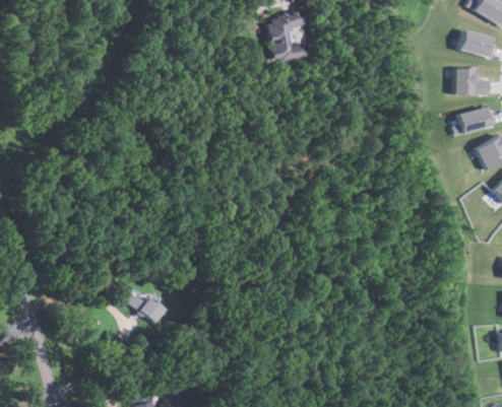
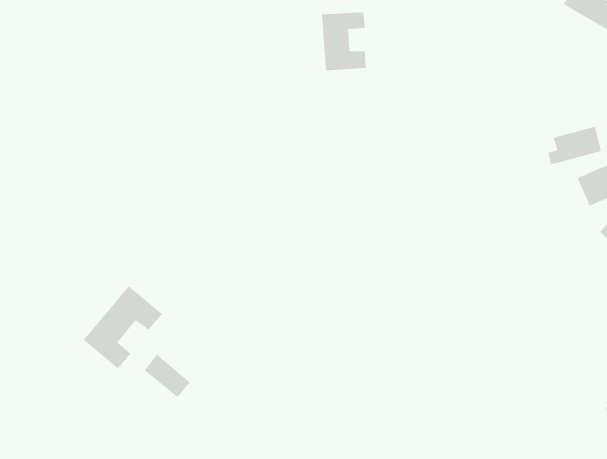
building: [458,30,497,57] -> none
building: [454,67,490,95] -> none
building: none -> [83,285,163,369]

